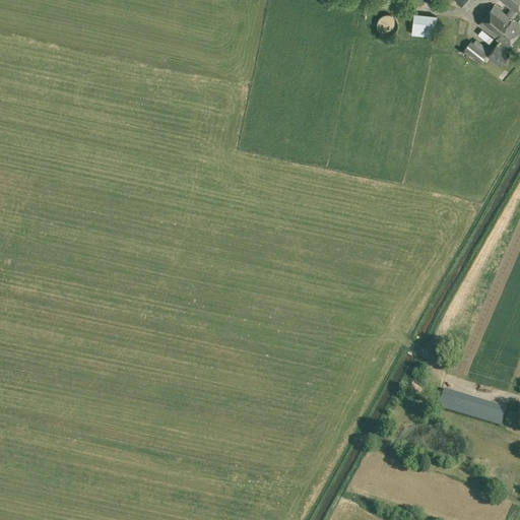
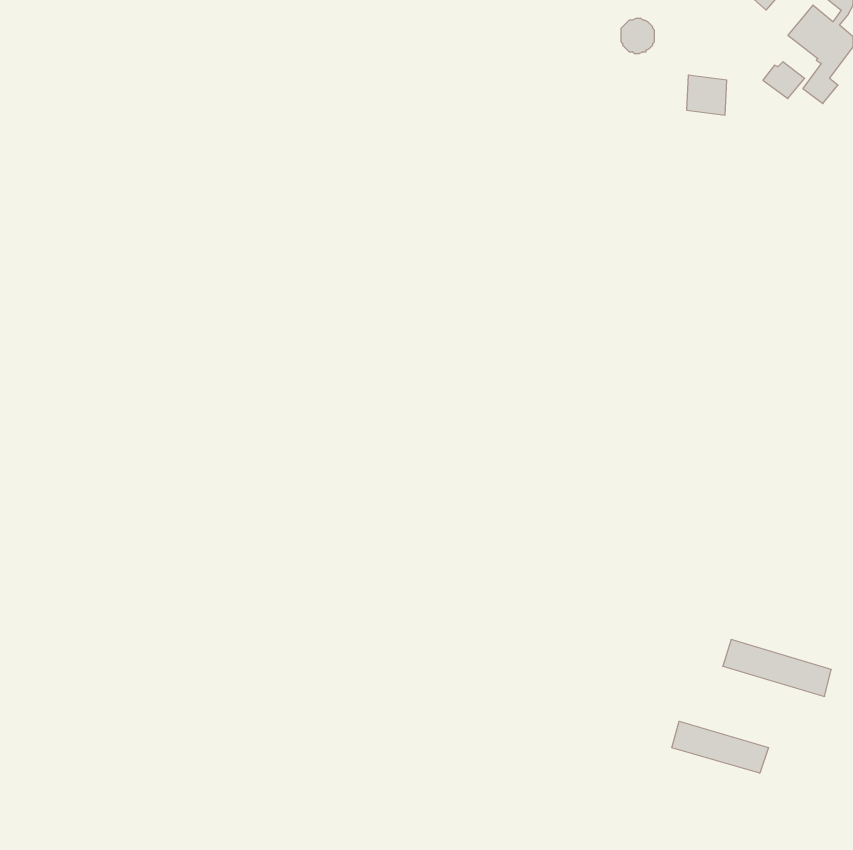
building: [411,10,436,35] -> [687,75,727,115]
building: none -> [672,721,768,773]

